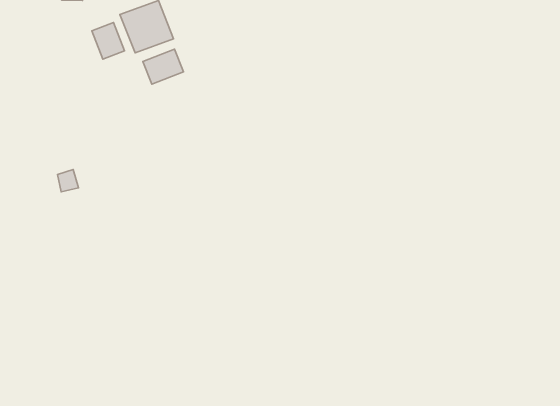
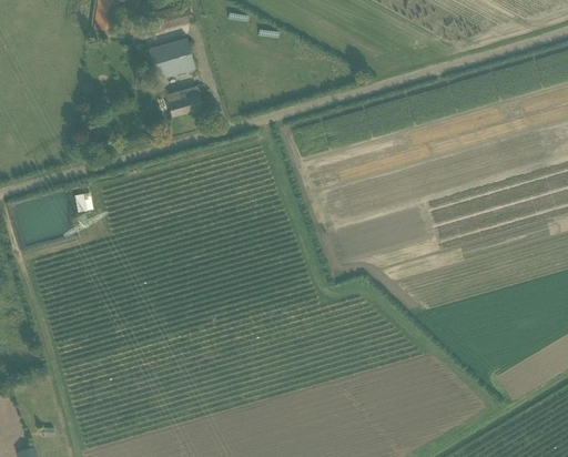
building: [92,23,125,59] -> none

